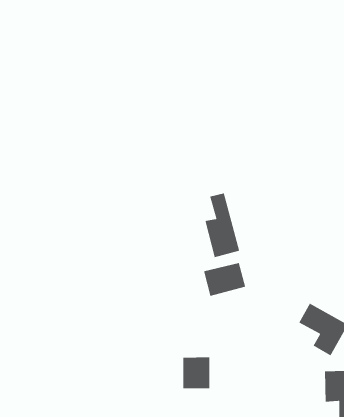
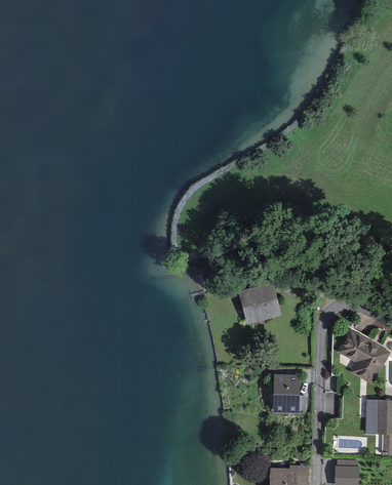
building: [205,193,240,258] -> none
building: [182,356,210,389] -> [271,374,301,409]

